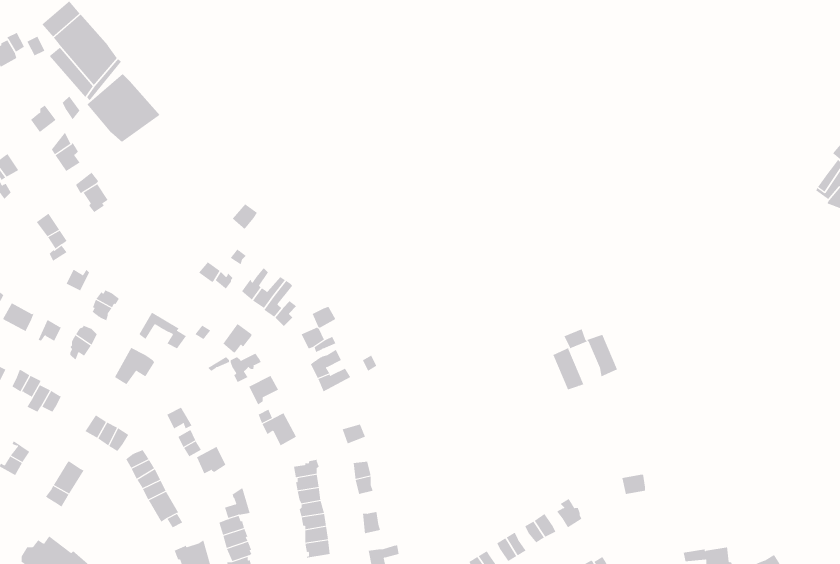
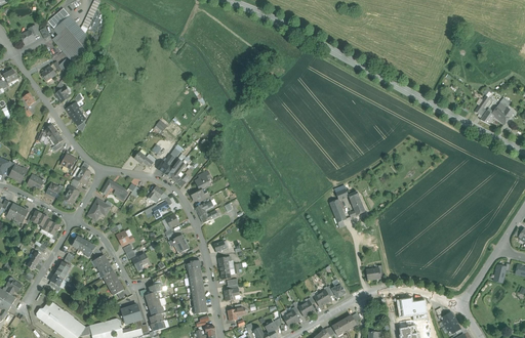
building: [87,73,161,143] -> none

